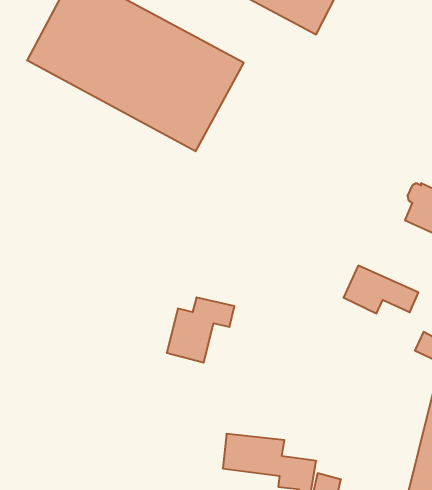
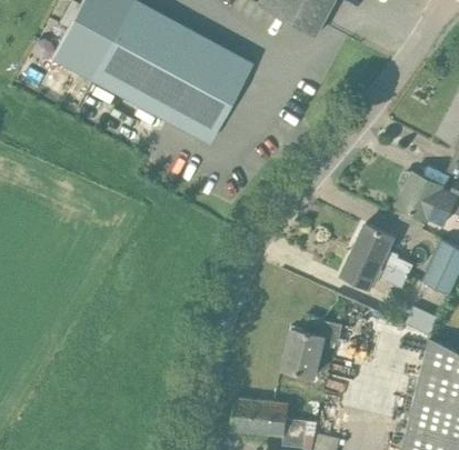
building: none -> [356,223,413,271]
building: [167,297,234,363] -> [282,319,343,378]

